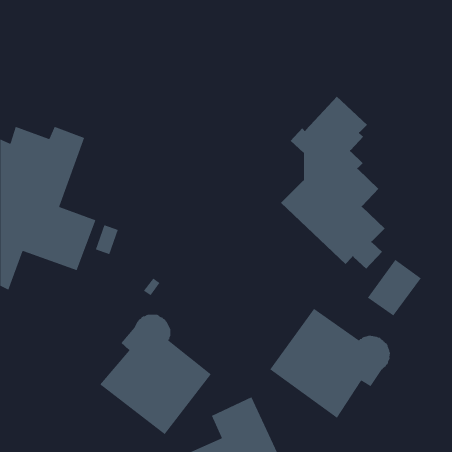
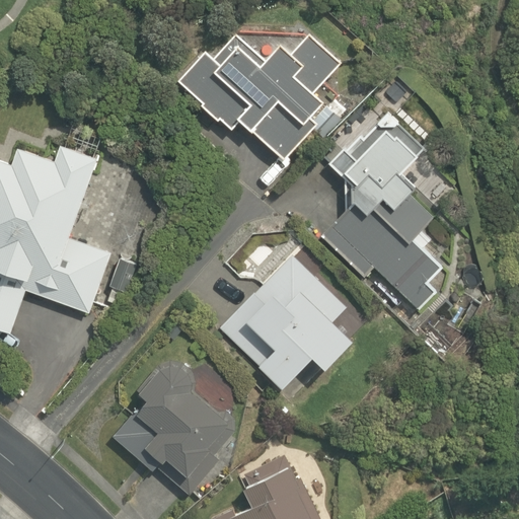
building: none -> [178,33,341,160]
building: none -> [221,253,354,389]
building: [269,308,391,419] -> none

